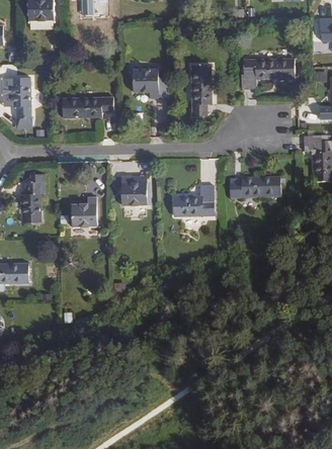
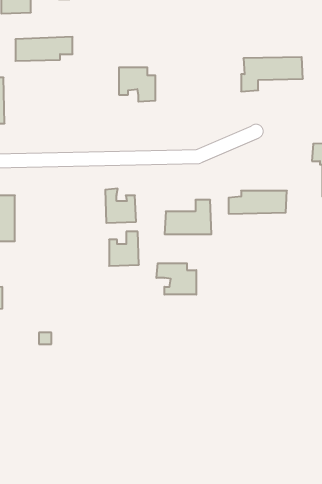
building: [190,64,211,115] -> none
building: [62,96,112,117] -> [15,37,73,61]
building: [71,196,97,227] -> [109,232,139,266]
building: none -> [156,263,196,295]

